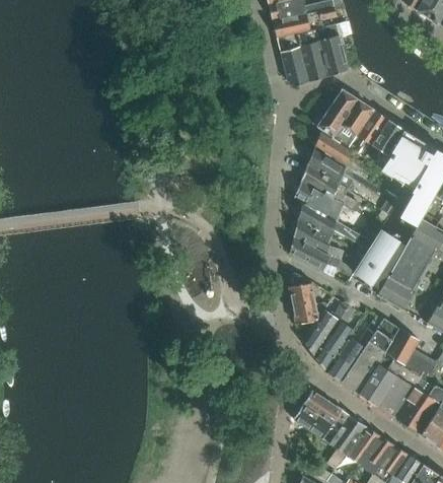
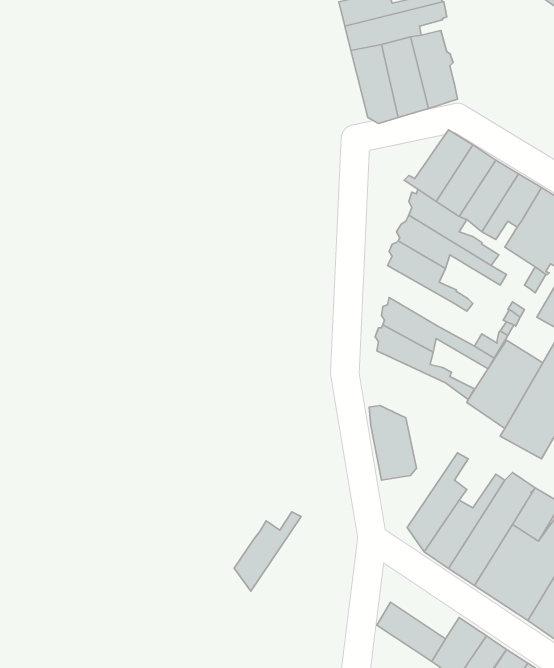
building: [294,181,344,221] -> none
building: [288,237,355,276] -> none
building: [303,302,348,355] -> [234,512,301,591]
building: [303,391,349,429] -> none

